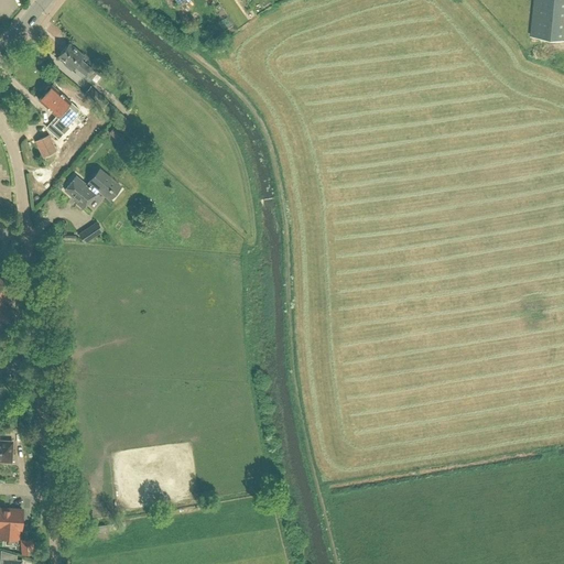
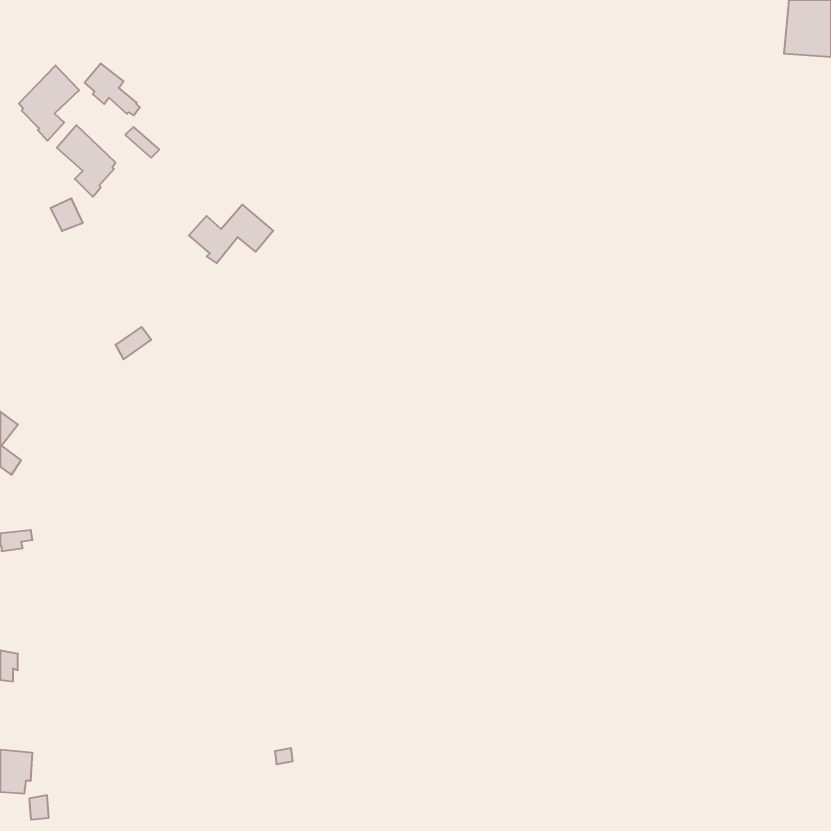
building: none -> [19,65,79,141]
building: [64,169,121,208] -> [189,205,273,263]

